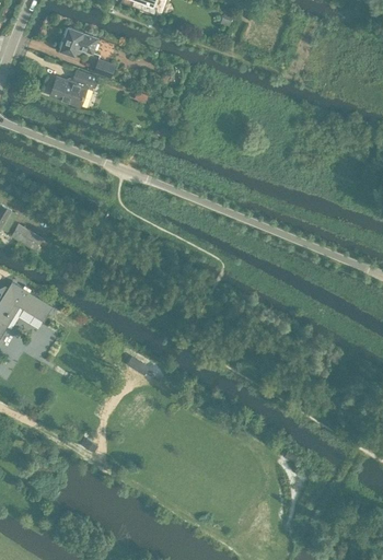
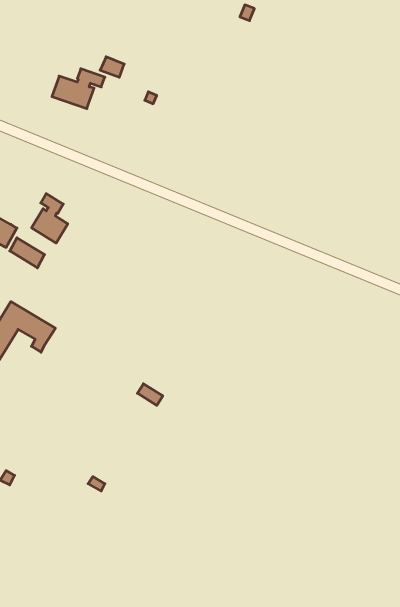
building: [59,26,96,55] -> none
building: none -> [32,194,68,243]

